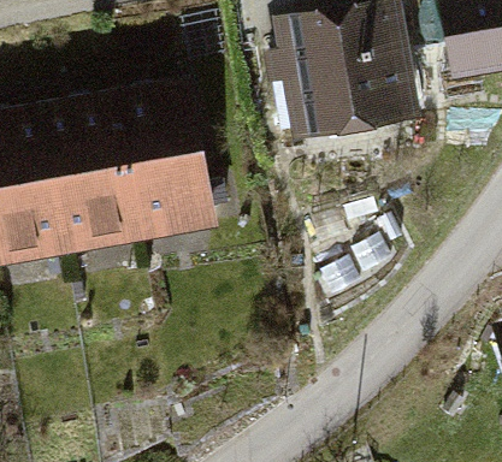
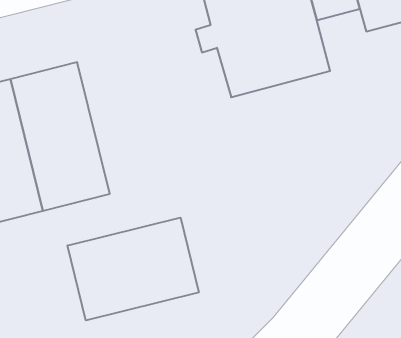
building: [128,79,226,237] -> none
building: none -> [68,218,199,320]

